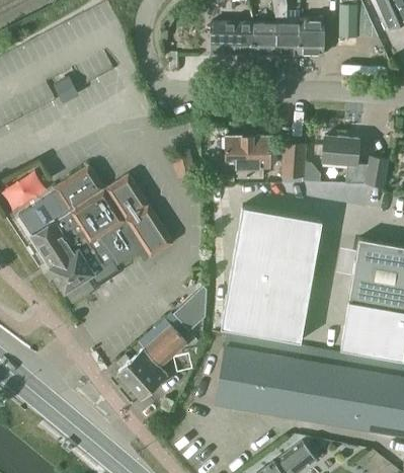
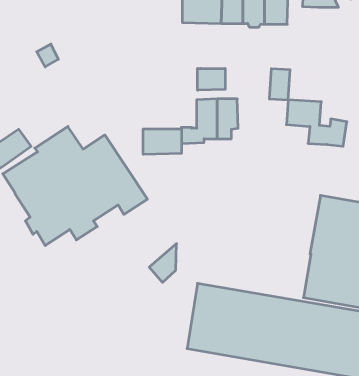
building: none -> [198,68,225,90]
building: [282,144,305,177] -> [269,69,290,100]
building: none -> [143,129,181,154]
building: [221,207,322,341] -> none
building: [118,326,187,398] -> none

